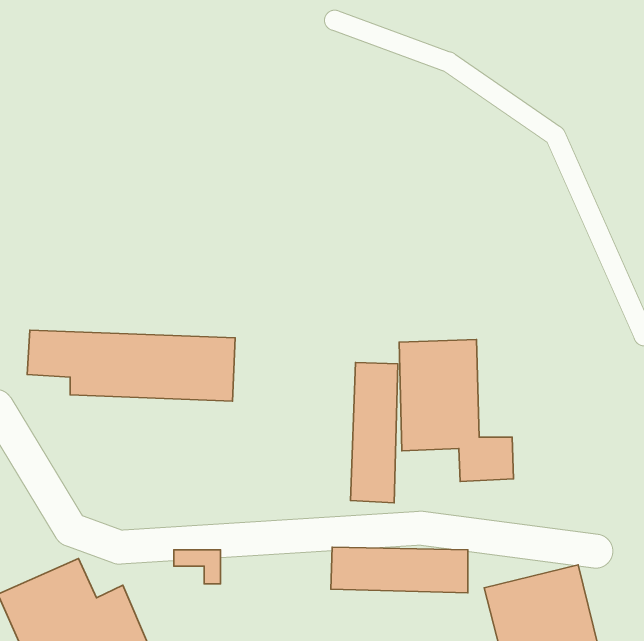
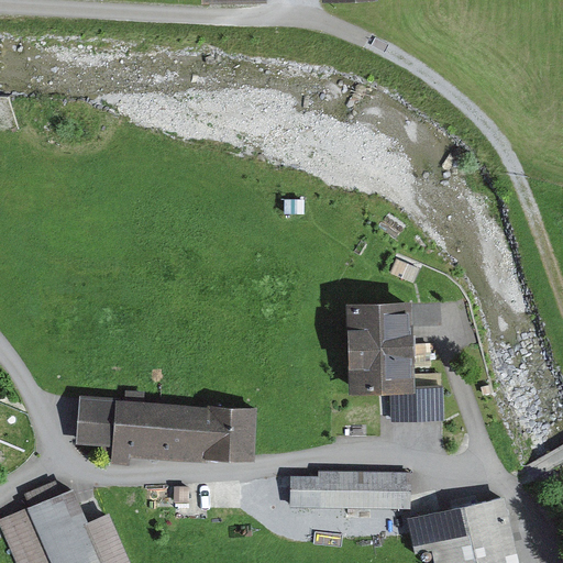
building: [27,330,235,401] -> [70,399,251,461]
building: [351,363,398,503] -> none

